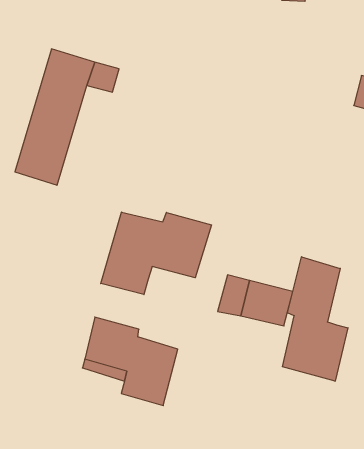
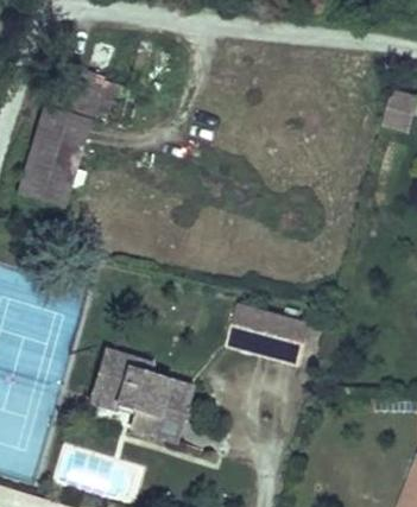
building: [101,212,211,295] -> none
building: [283,257,348,381] -> none

